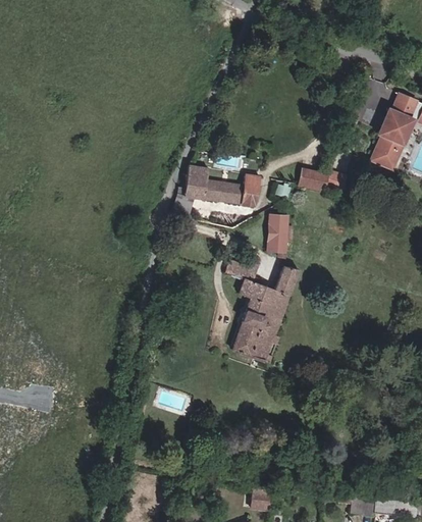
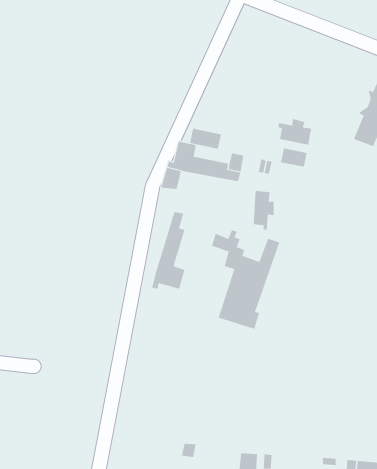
building: none -> [278,118,312,145]
building: none -> [190,128,221,149]
building: none -> [151,211,185,290]

